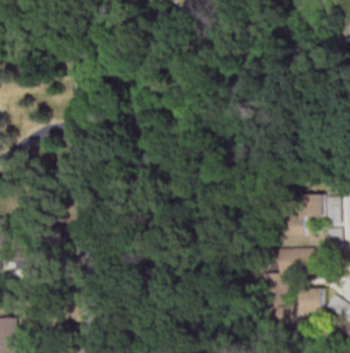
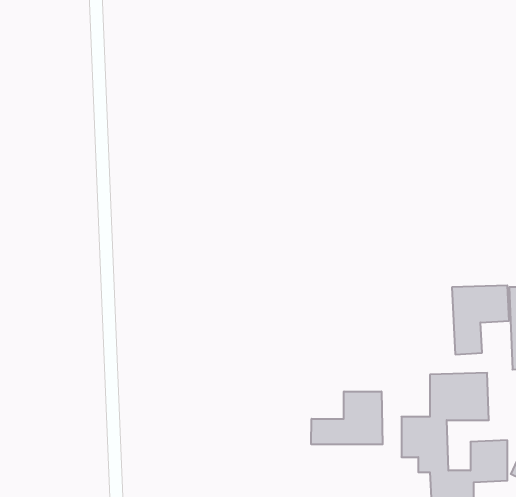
building: none -> [311,391,383,444]

